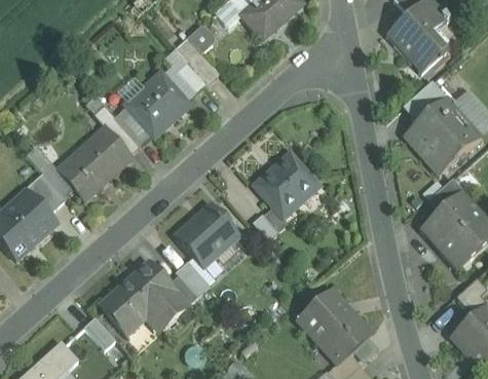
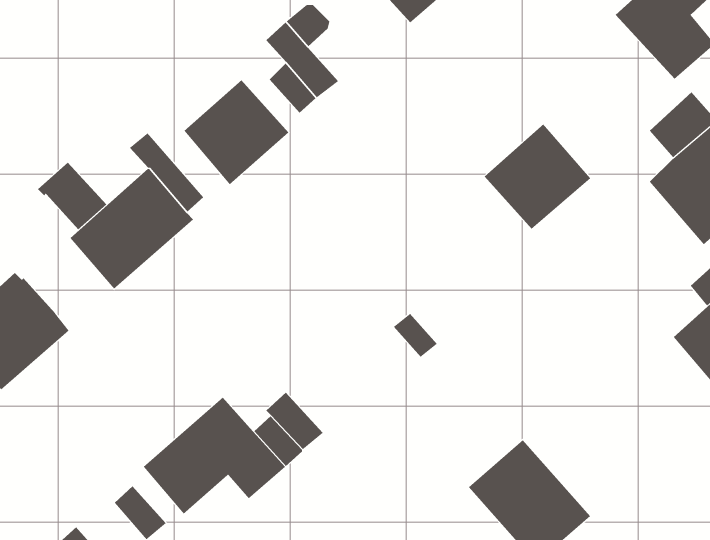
building: [254,153,318,217] -> [484,124,591,229]
building: [24,173,66,214] -> [37,162,107,230]
building: [178,209,233,264] -> none

